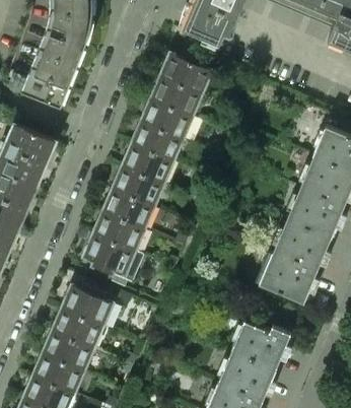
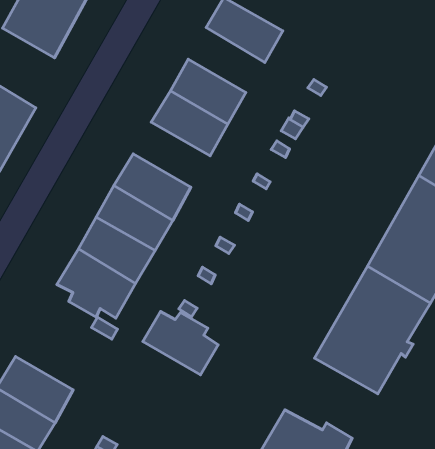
building: [151,75,202,115] -> none
building: [123,142,173,182] -> none
building: [62,285,112,325] -> [143,311,218,375]

